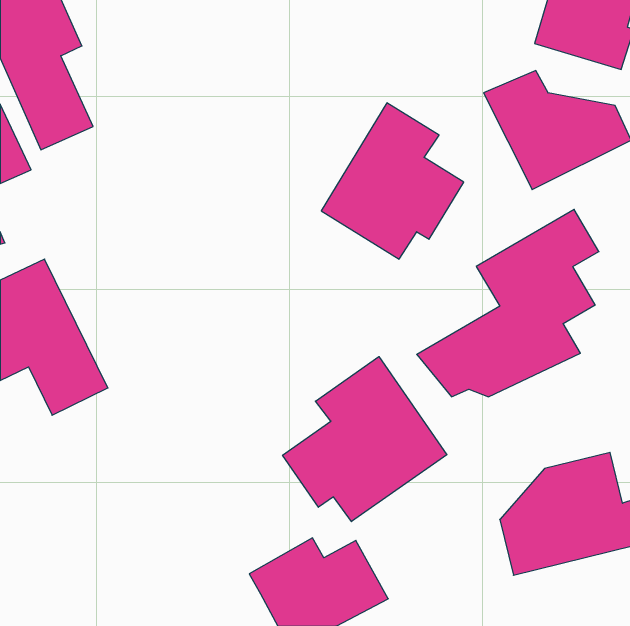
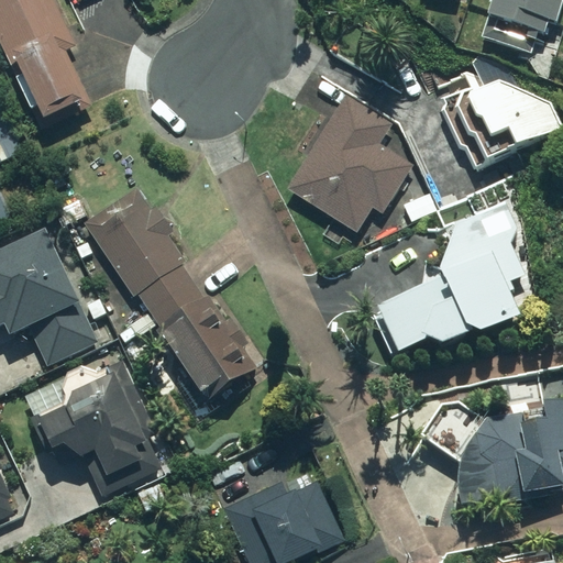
building: none -> [84,186,258,406]
building: [283,357,447,522] -> none
building: none -> [30,357,146,499]

